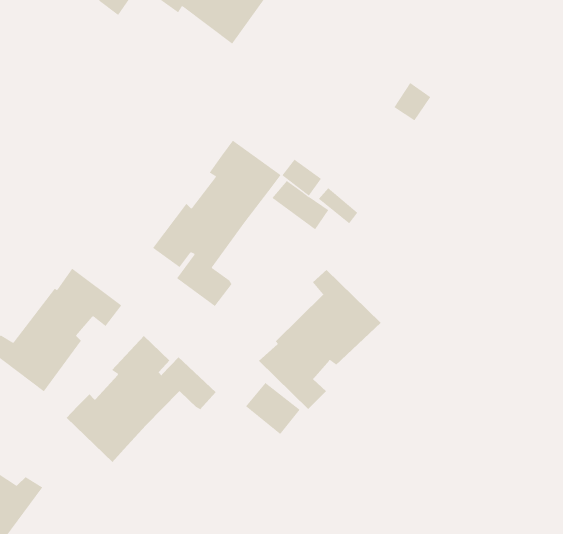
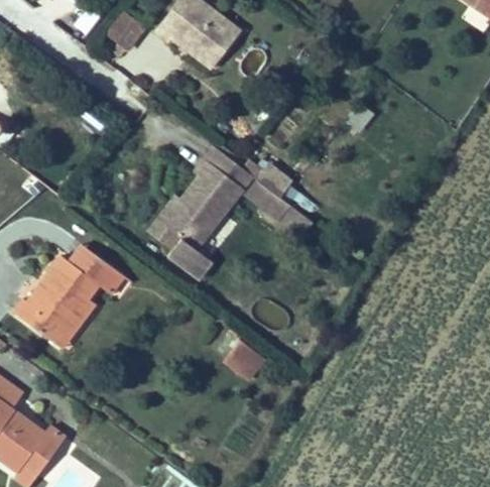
building: [258,269,382,410] -> none
building: [66,335,216,463] -> none

